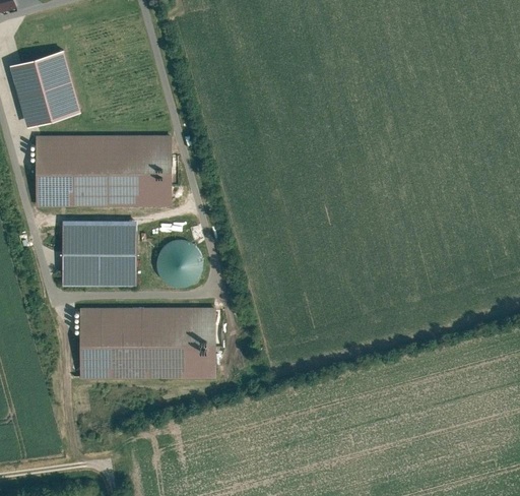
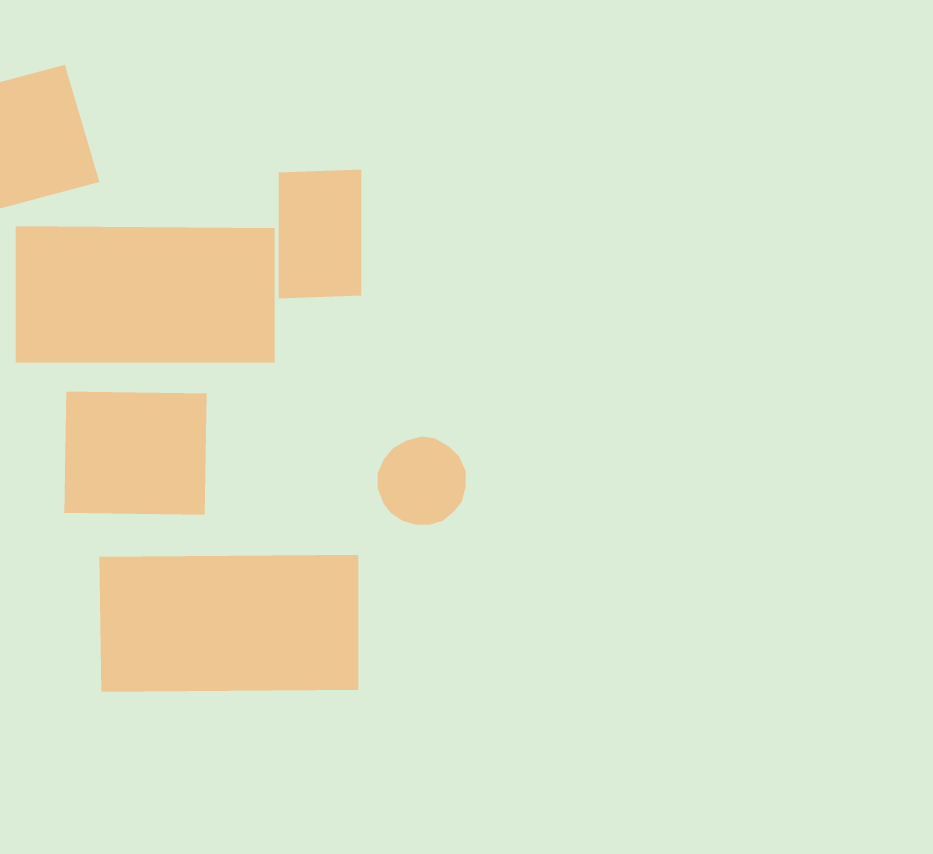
building: none -> [278,169,362,299]
building: [155,240,202,287] -> [377,436,466,525]

